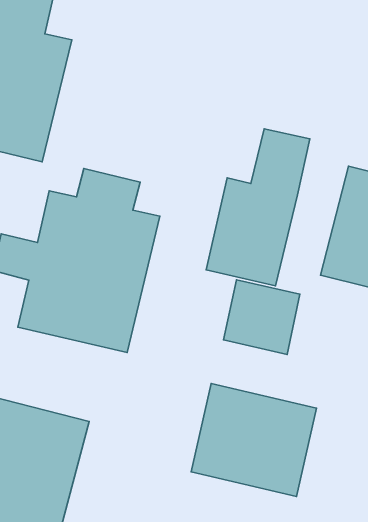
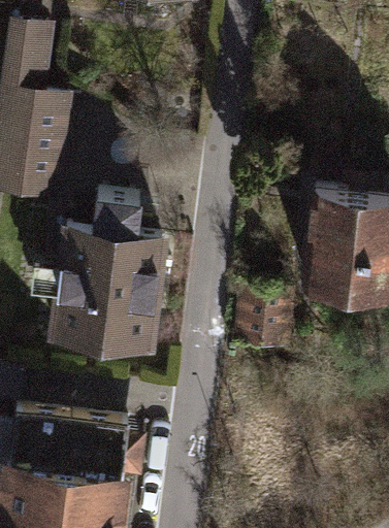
building: [206,129,310,286] -> none
building: [191,384,317,496] -> none

